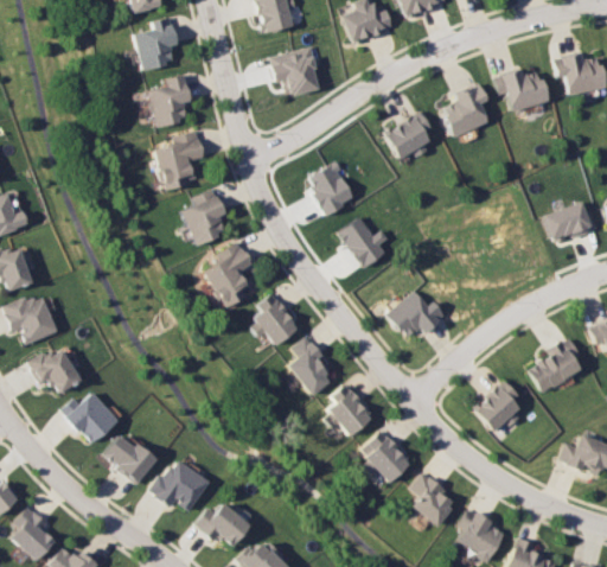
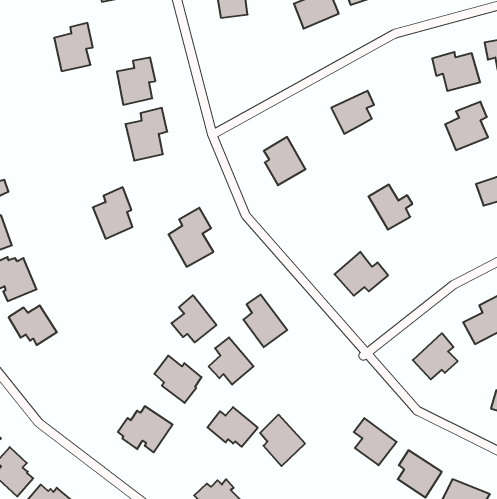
building: [135,17,178,70] -> [54,23,93,71]
building: [270,47,321,95] -> none
building: [443,83,491,136] -> [445,102,488,150]
building: [183,189,226,246] -> [93,187,132,239]
building: [341,217,390,267] -> [368,185,412,230]
building: [249,293,299,345] -> [171,295,216,342]
building: [324,384,373,437] -> [209,337,254,385]
building: [63,391,120,442] -> none
building: [362,429,411,486] -> [260,415,305,466]
building: [104,434,156,486] -> [154,356,202,403]
building: [193,502,249,546] -> [207,407,258,447]

